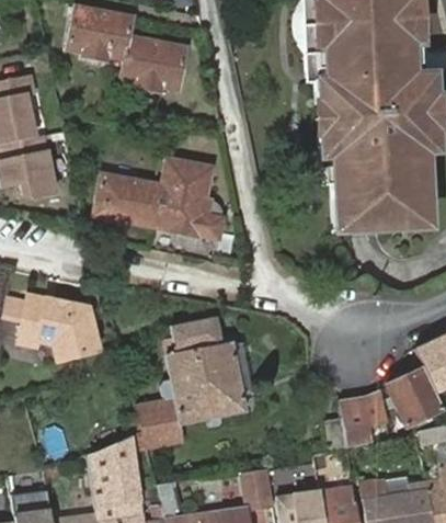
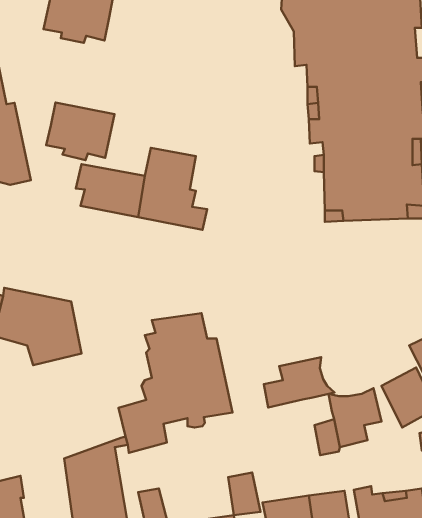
building: [121,36,185,91] -> [46,103,114,160]
building: none -> [264,357,334,407]

